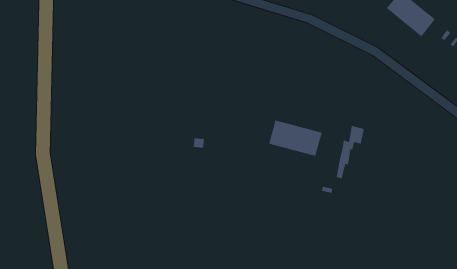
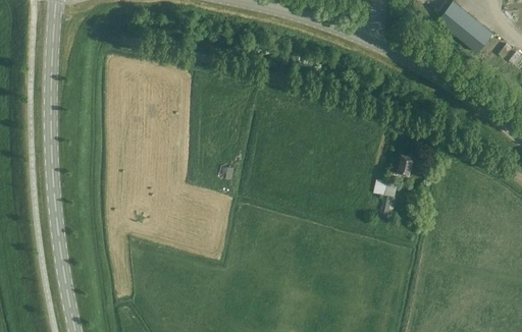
building: [268,120,323,157] -> none

